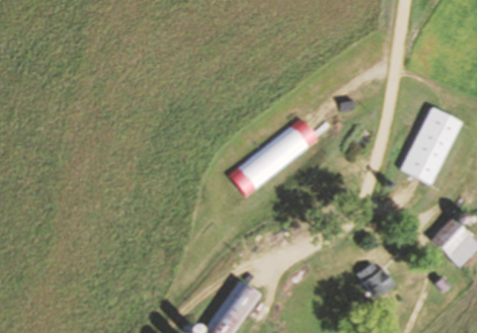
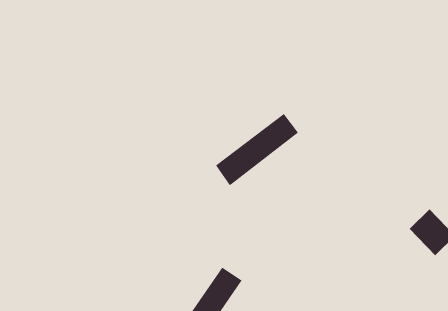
building: [401,107,462,185] -> none
building: [357,261,395,300] -> none

